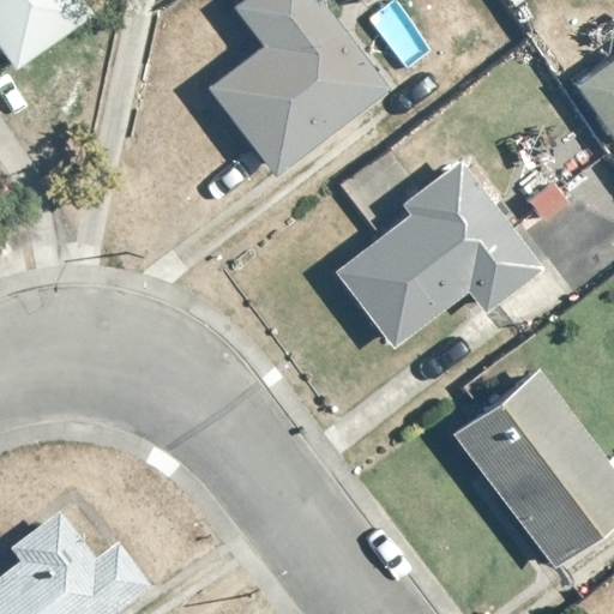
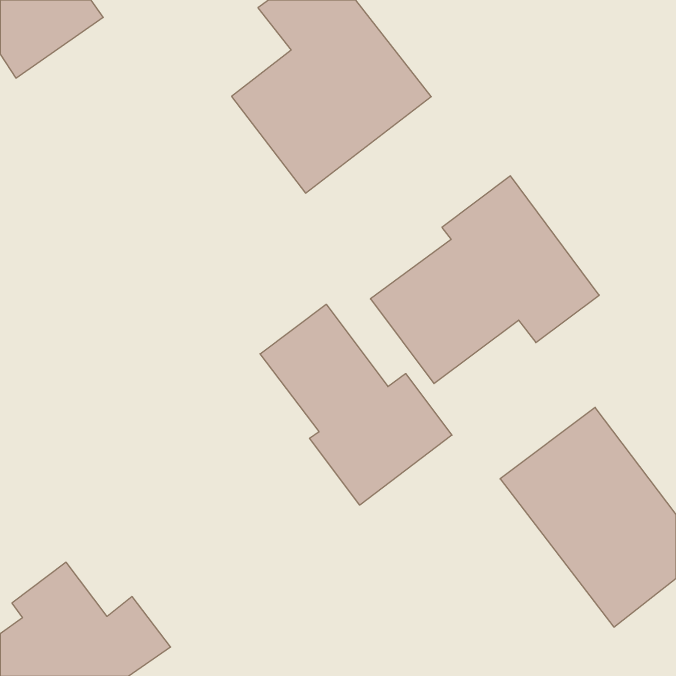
building: none -> [260,304,452,505]

